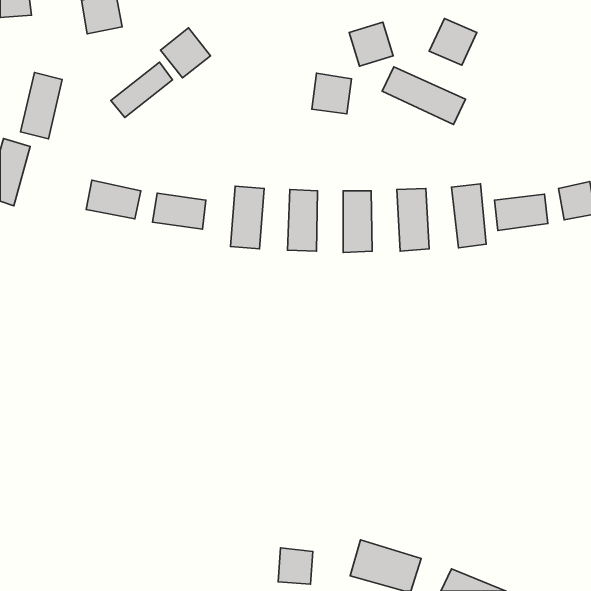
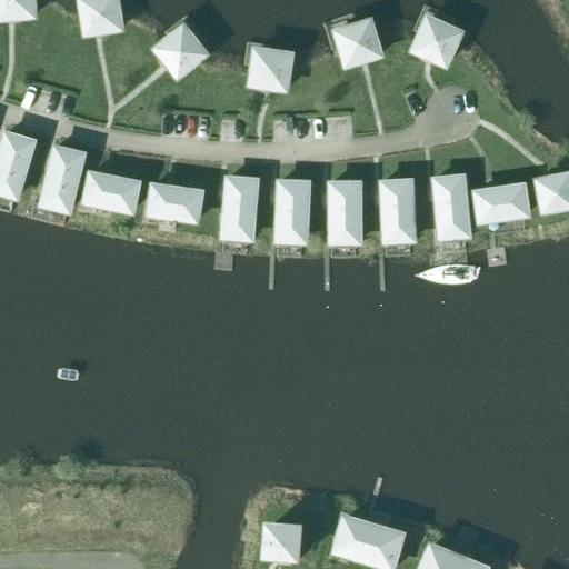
building: [111,62,173,118] -> none
building: [382,67,466,125] -> none
building: [20,72,62,139] -> [42,147,82,210]
building: [312,73,351,114] -> [251,49,289,88]

